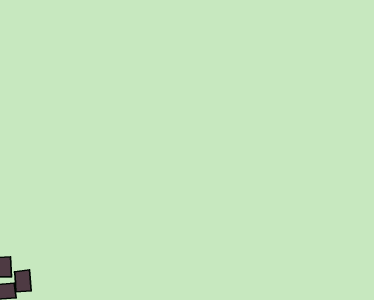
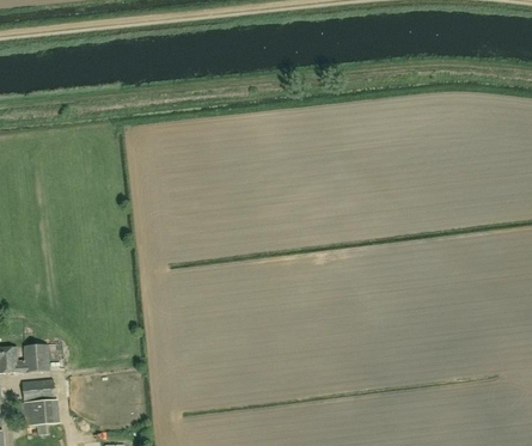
building: [15,270,31,292] -> none

